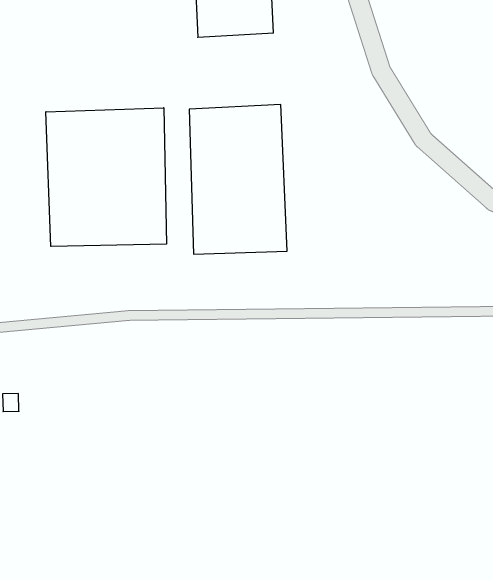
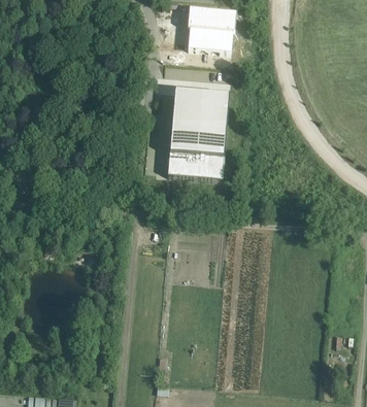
building: [46,108,166,246] -> none

